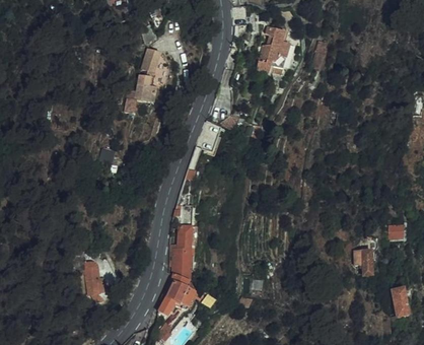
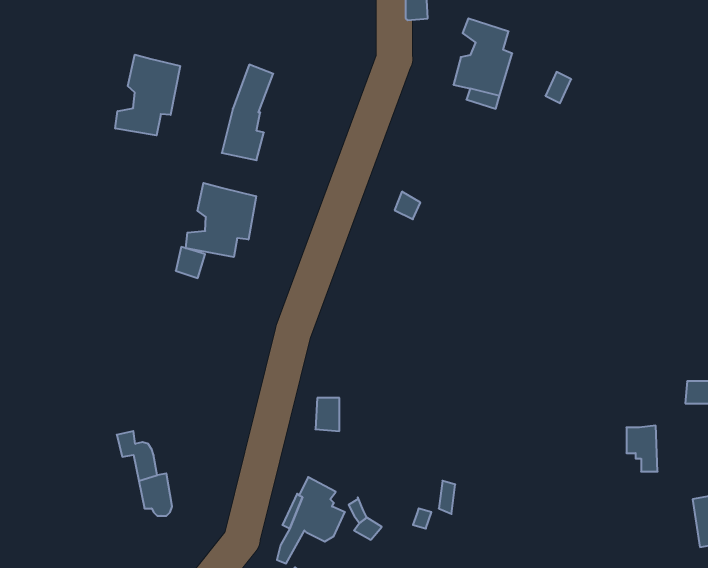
building: none -> [115,55,180,135]
building: none -> [186,183,256,257]
building: [179,252,196,286] -> none

